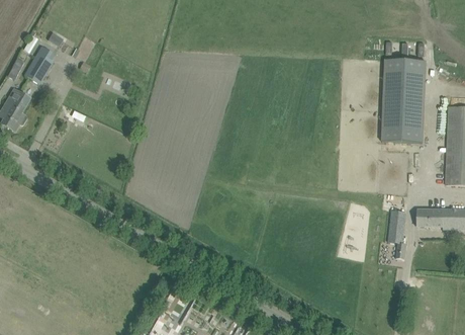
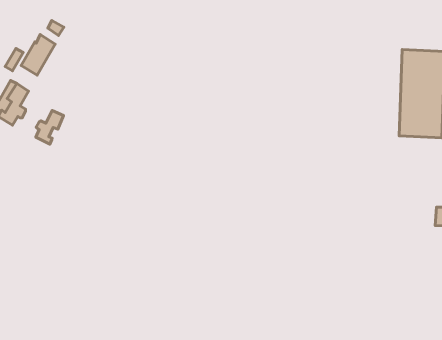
building: none -> [36,110,63,144]
building: [389,211,406,258] -> none

